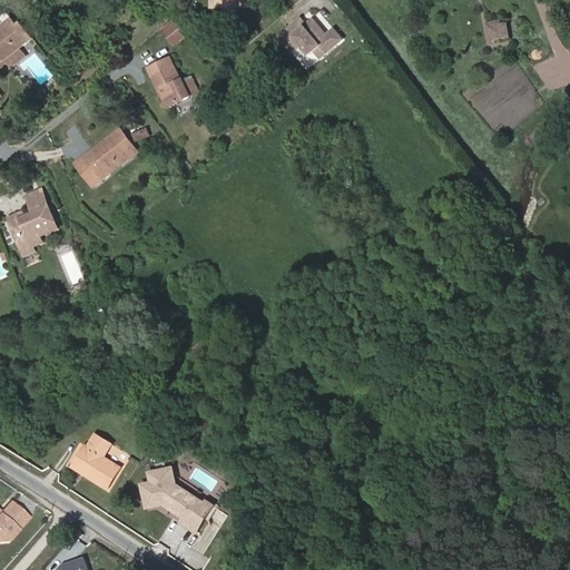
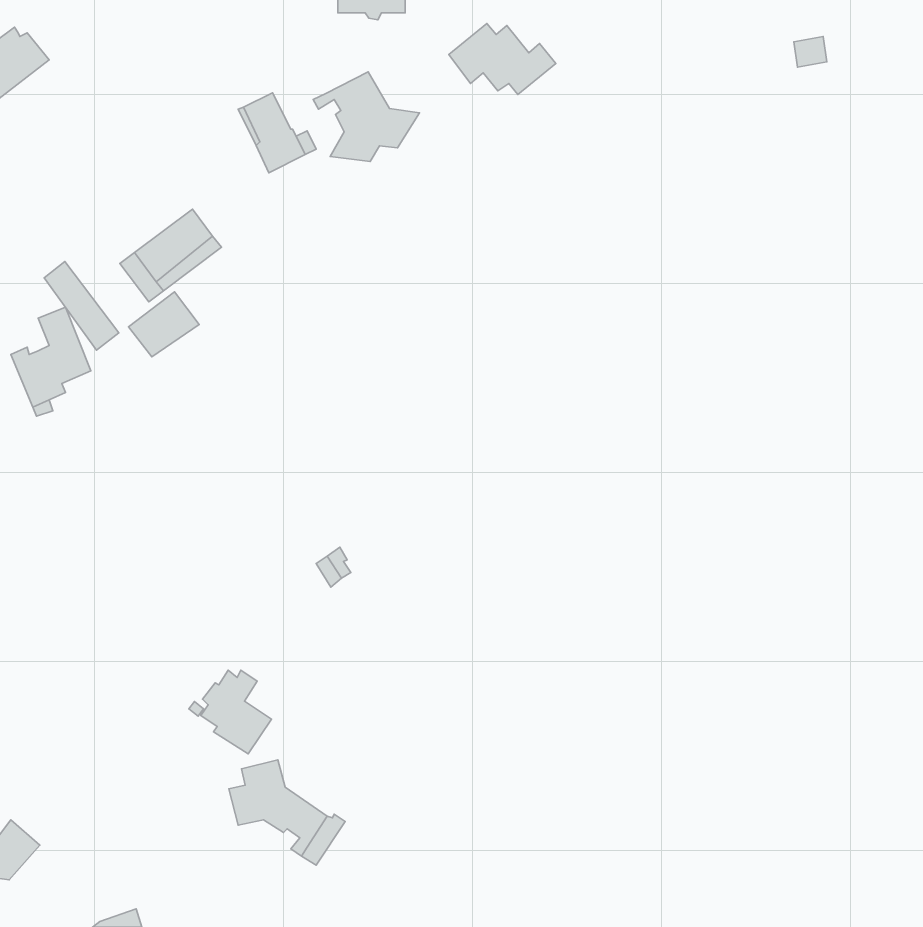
building: none -> [313,72,419,162]
building: none -> [44,262,119,350]
building: none -> [129,292,199,357]
building: [75,436,118,488] -> [201,670,272,754]

